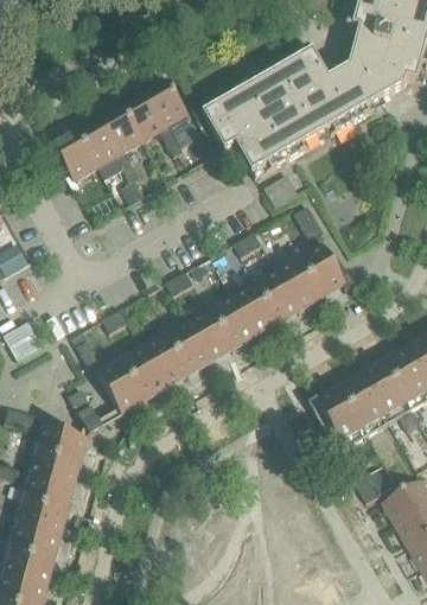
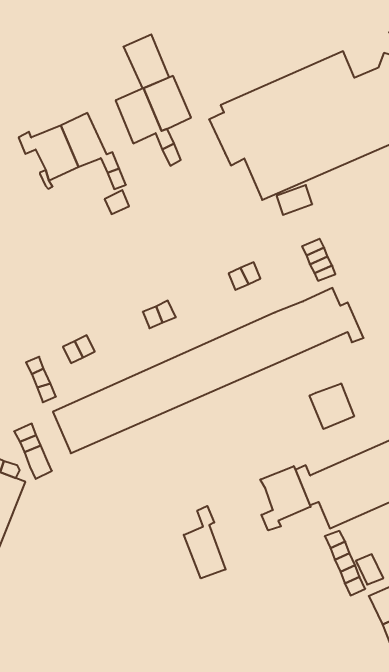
building: [100,110,141,157] -> [123,34,169,88]
building: none -> [310,383,354,429]
building: none -> [260,466,311,530]
building: none -> [184,506,226,578]

